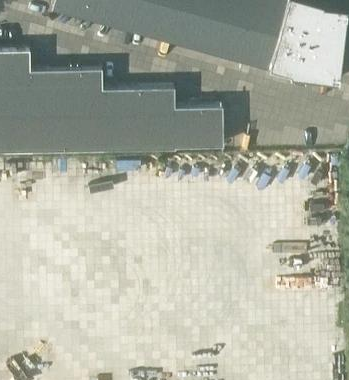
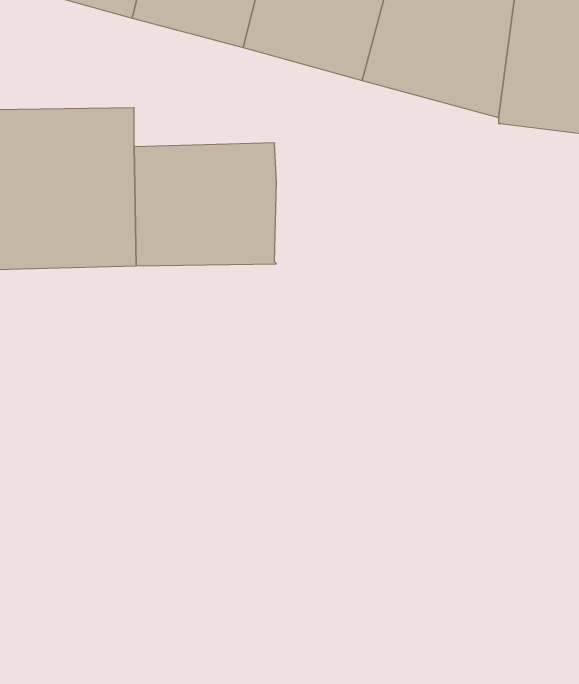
building: [174,107,223,148] -> none

